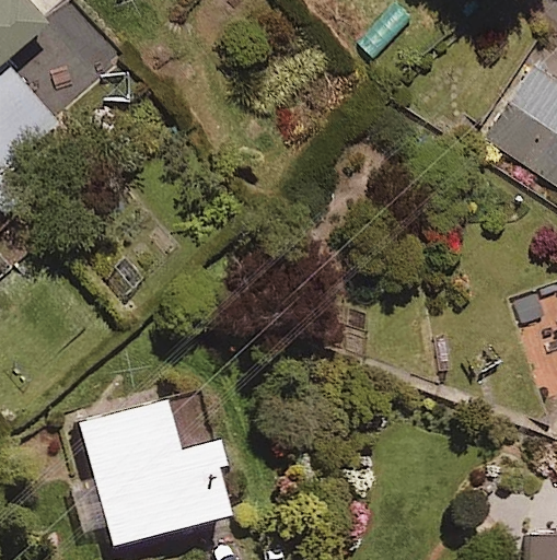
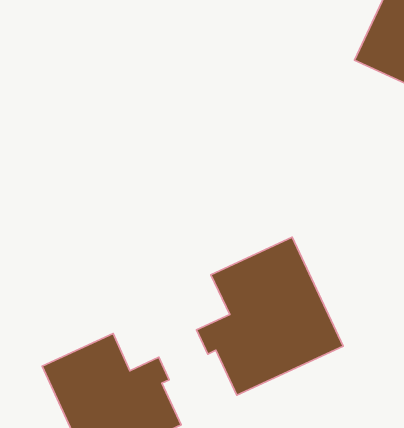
building: none -> [196,237,343,395]

